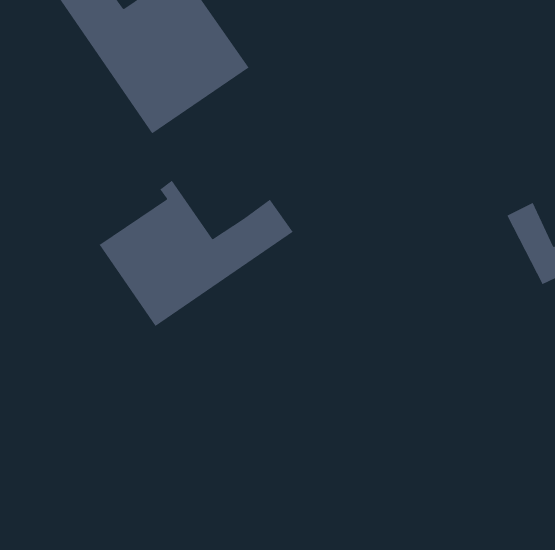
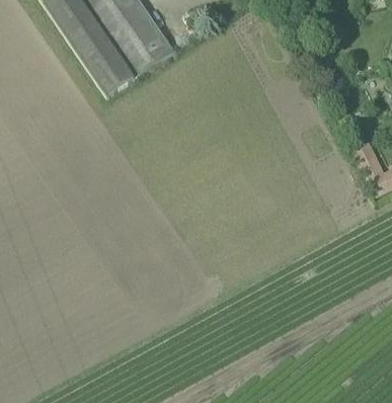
building: [99,180,293,327] -> none

